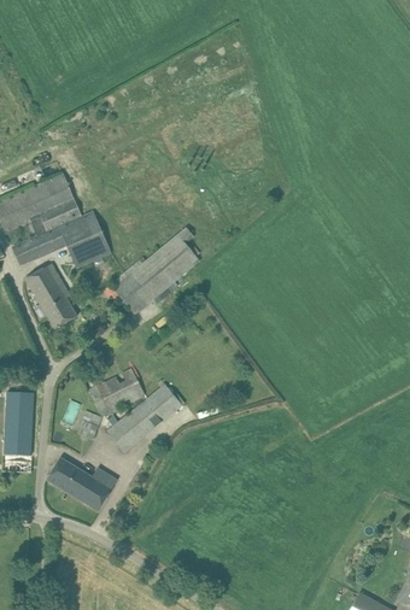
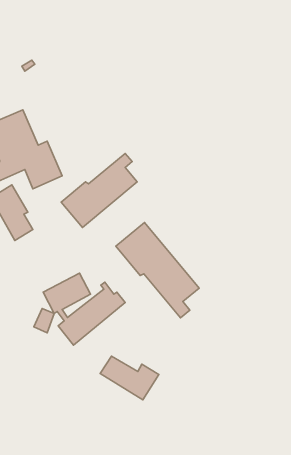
building: none -> [116,223,199,318]
building: [47,458,117,510] -> [100,356,159,400]

